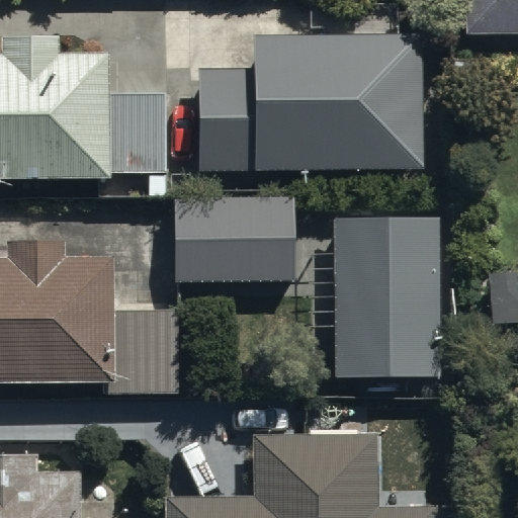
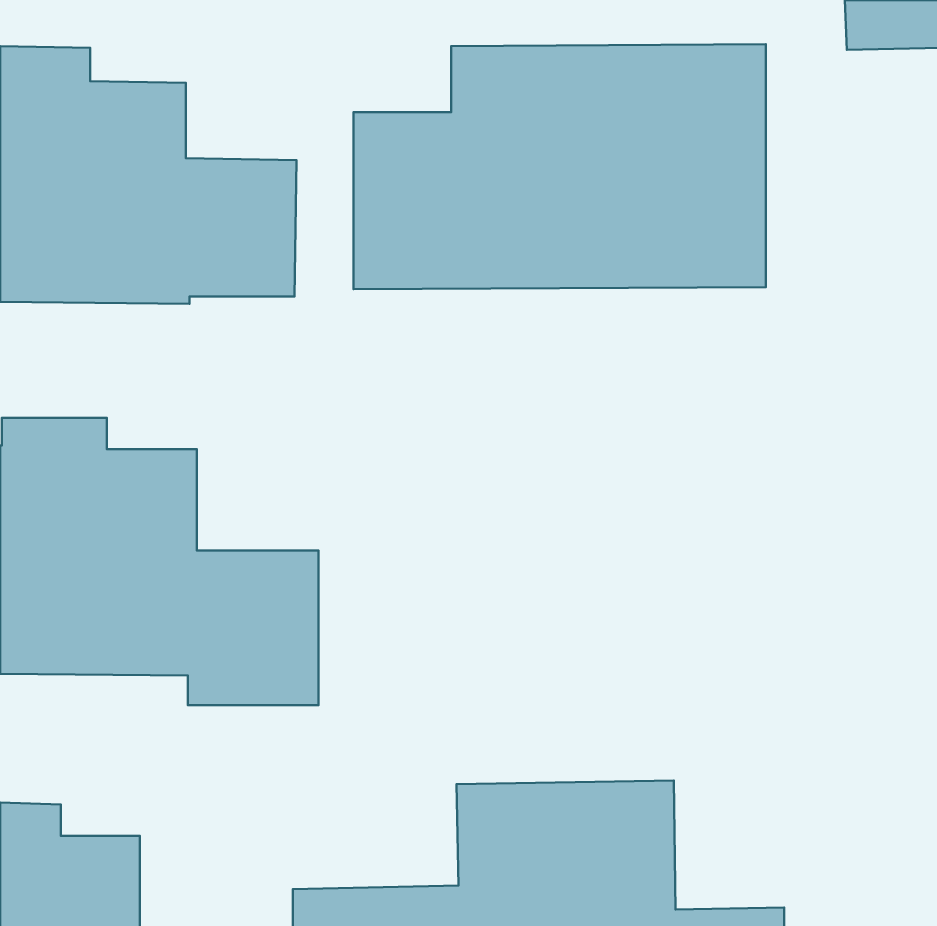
building: [176,204,296,288] -> none
building: [335,225,436,385] -> none

